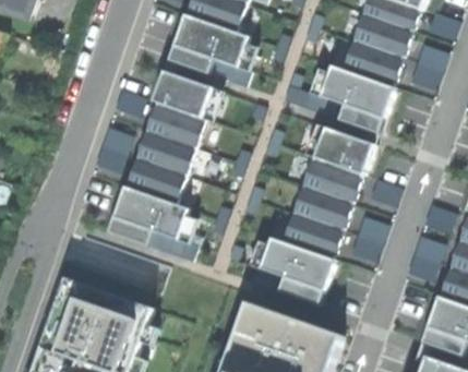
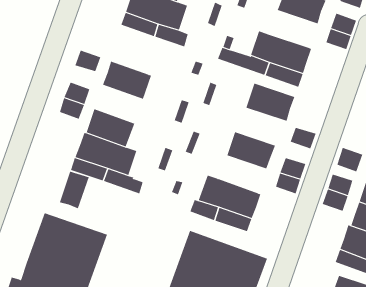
building: [343,41,401,86] -> none
building: [153,71,212,118] -> none
building: [135,130,194,176] -> none
building: [302,156,361,202] -> none
building: [283,214,340,259] -> none
building: none -> [59,171,89,209]

